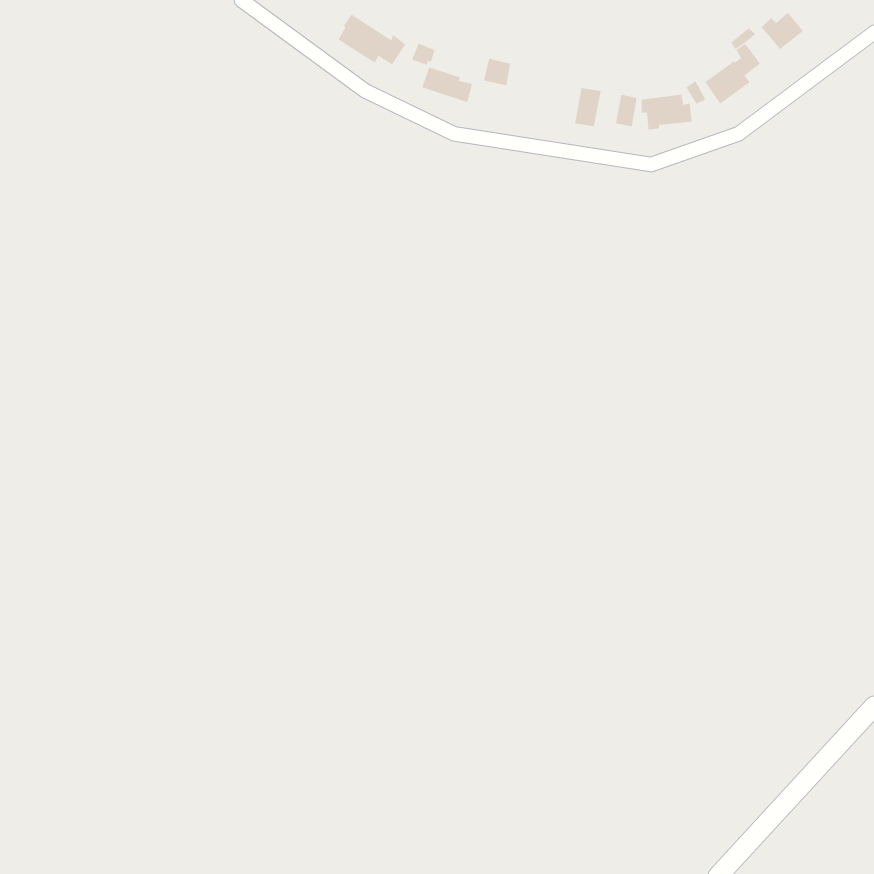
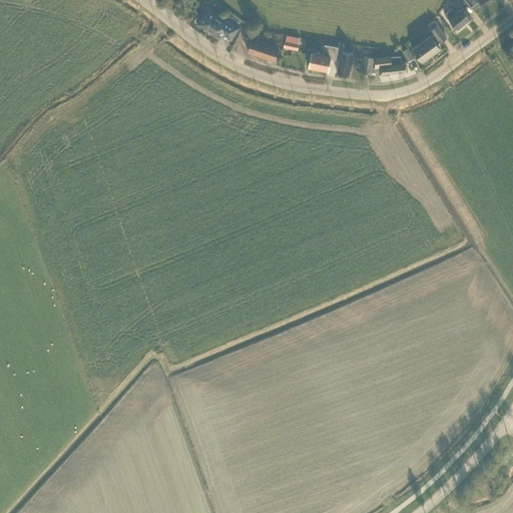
building: none -> [308,45,338,71]

